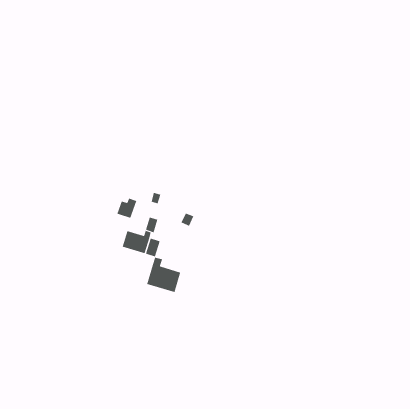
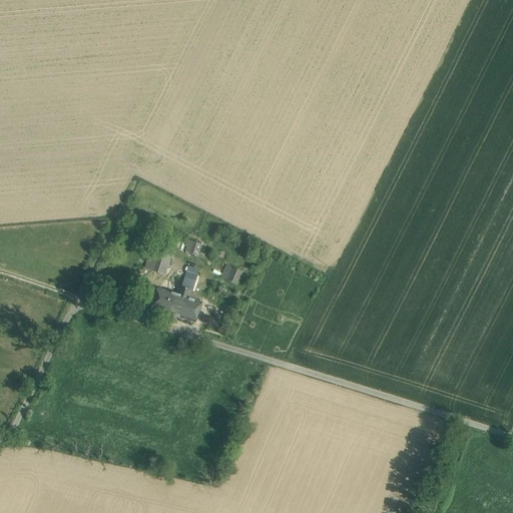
building: [146,257,181,293] -> none

